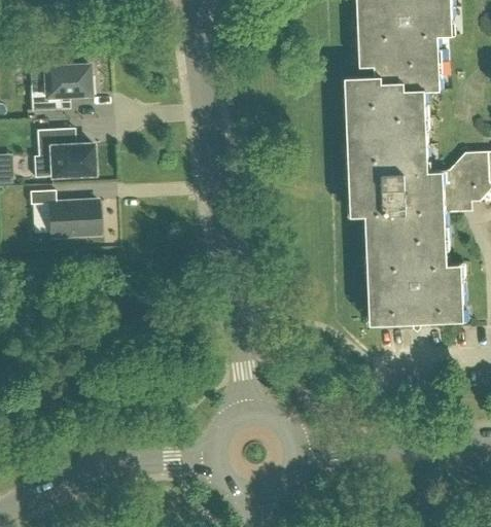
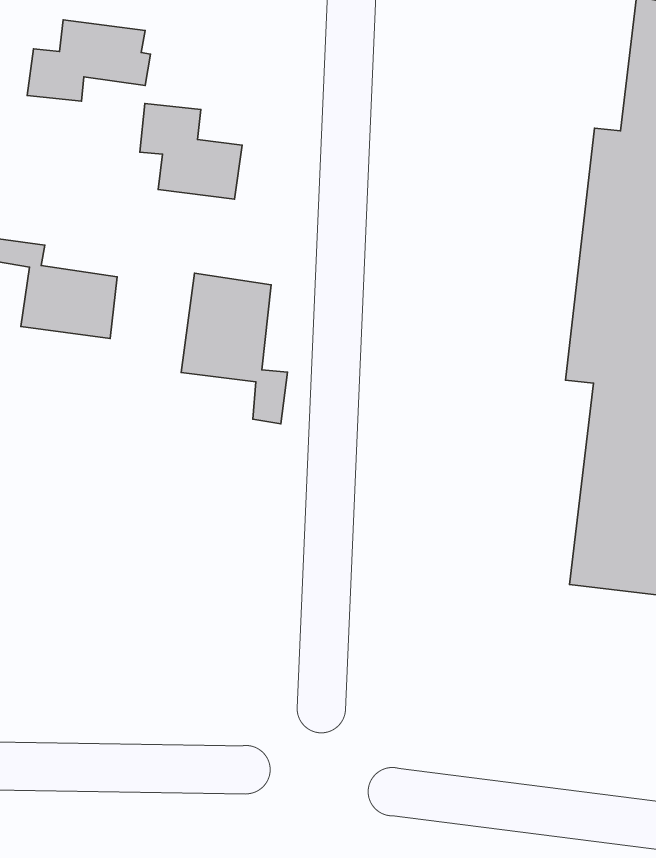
building: [38,129,96,176] -> [140,103,242,199]
building: none -> [181,273,287,424]

